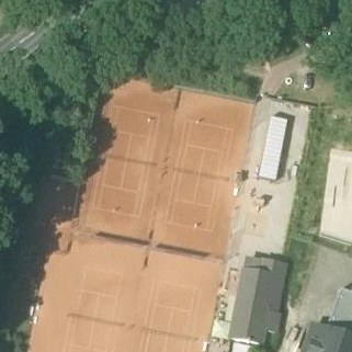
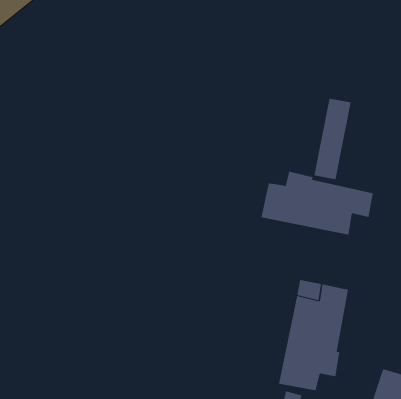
building: none -> [261,171,374,235]

